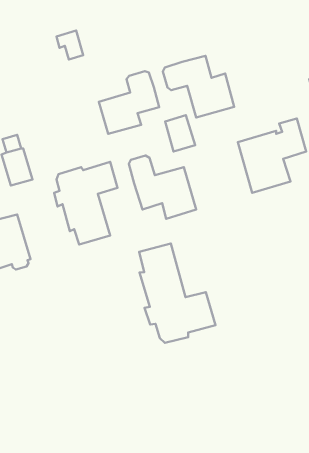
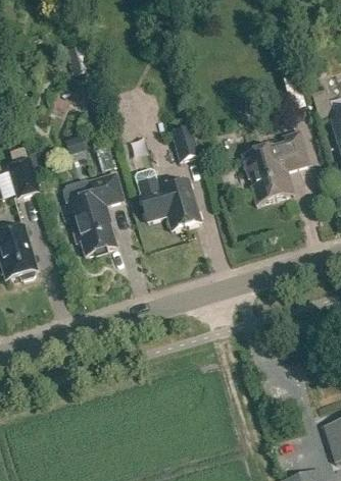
building: [163,56,234,118] -> none
building: [99,71,159,134] -> none
building: [139,243,216,343] -> none

